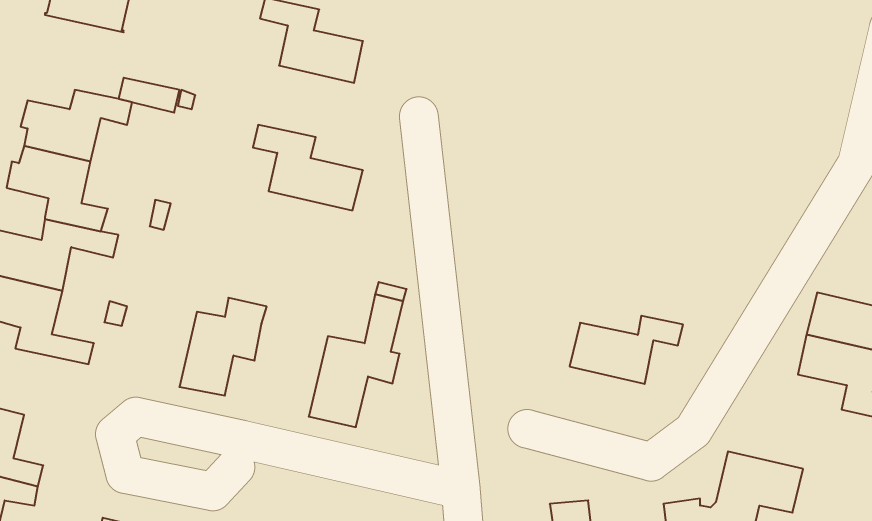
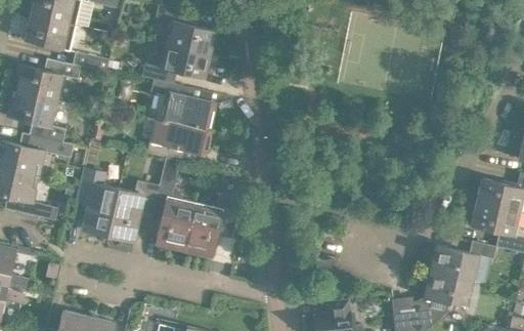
building: none -> [23,14,75,50]
building: none -> [141,44,210,83]
building: none -> [151,118,209,154]
building: none -> [156,165,194,250]
building: none -> [76,167,118,233]
building: [570,316,683,384] -> [429,241,495,281]

